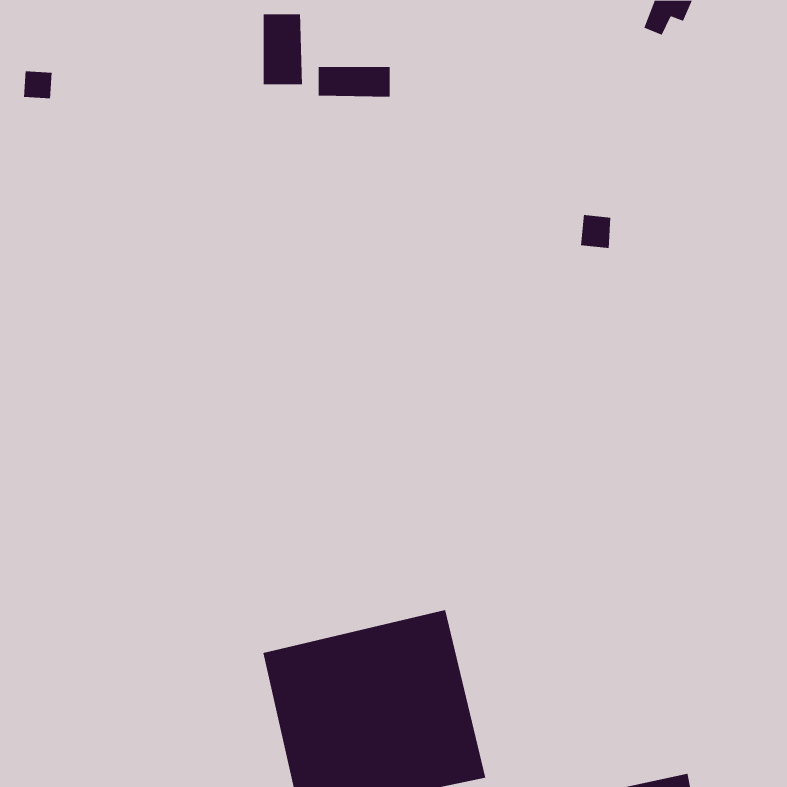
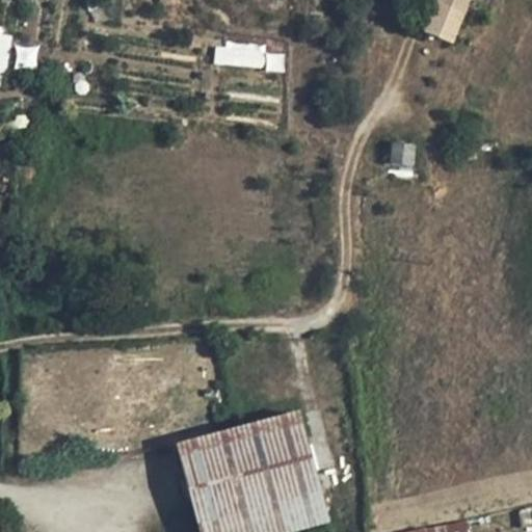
building: [263,13,303,85] -> none

